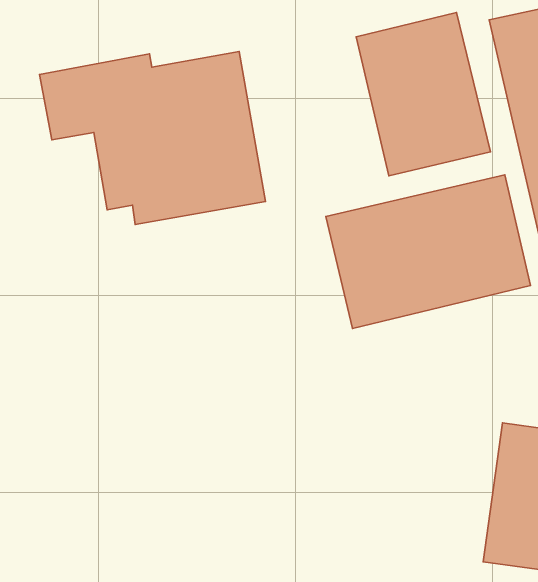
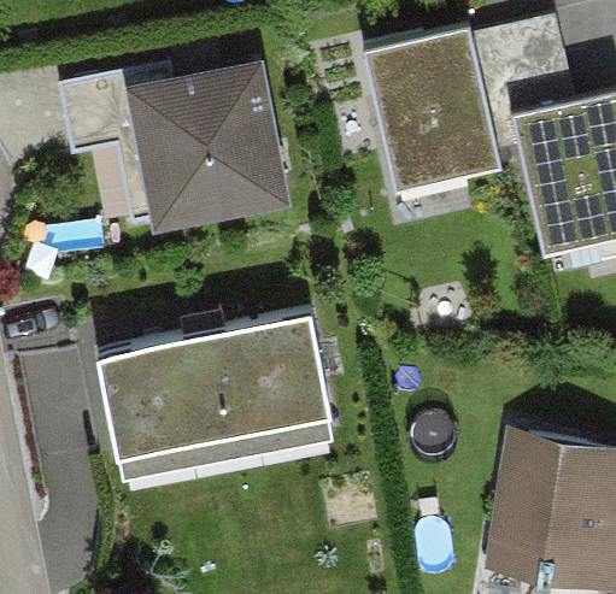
building: [326,175,531,328] -> none
building: none -> [105,314,335,457]

